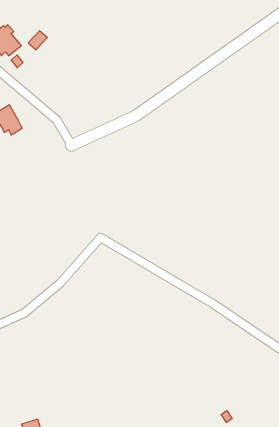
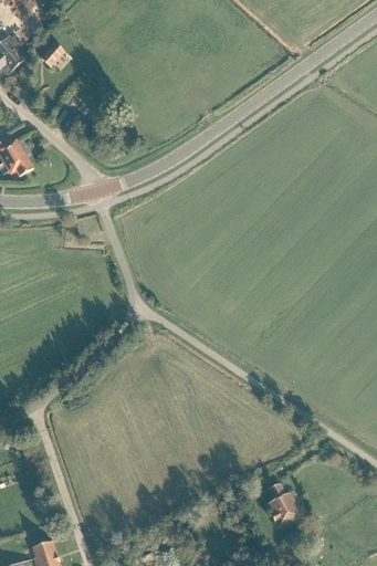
building: none -> [266,481,302,526]

